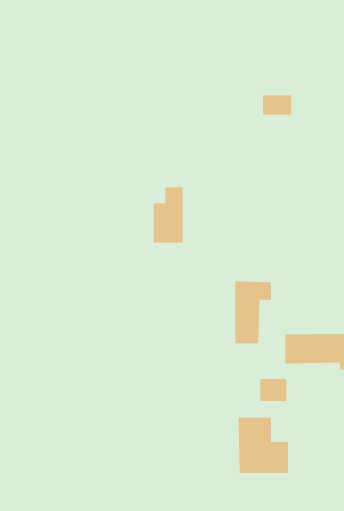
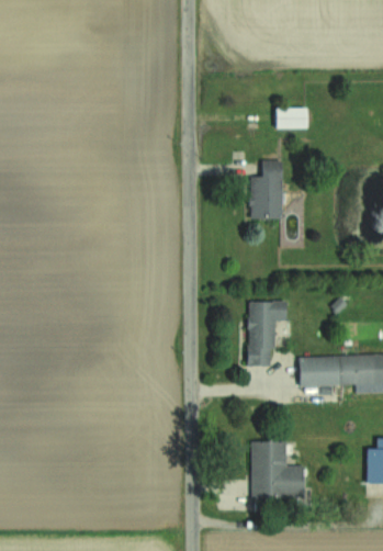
building: [153,187,184,243] -> [250,161,282,220]
building: [260,378,287,402] -> none

